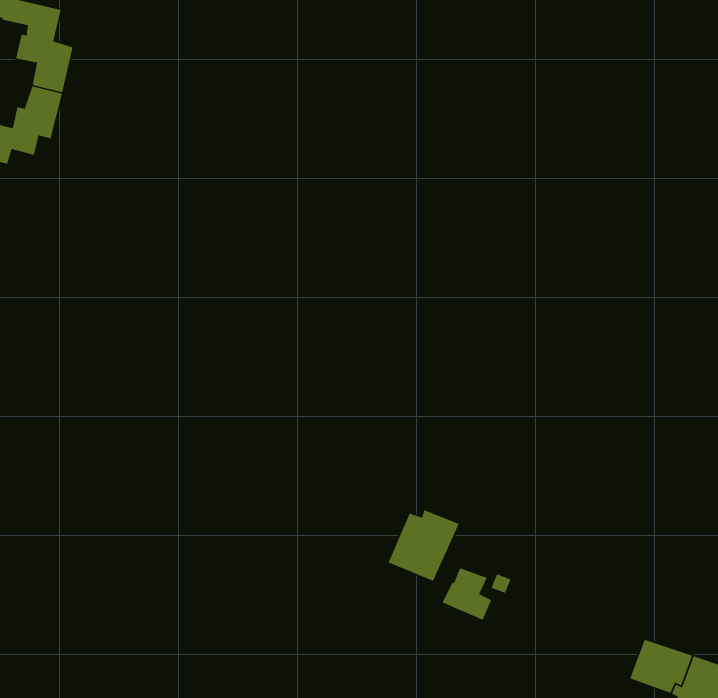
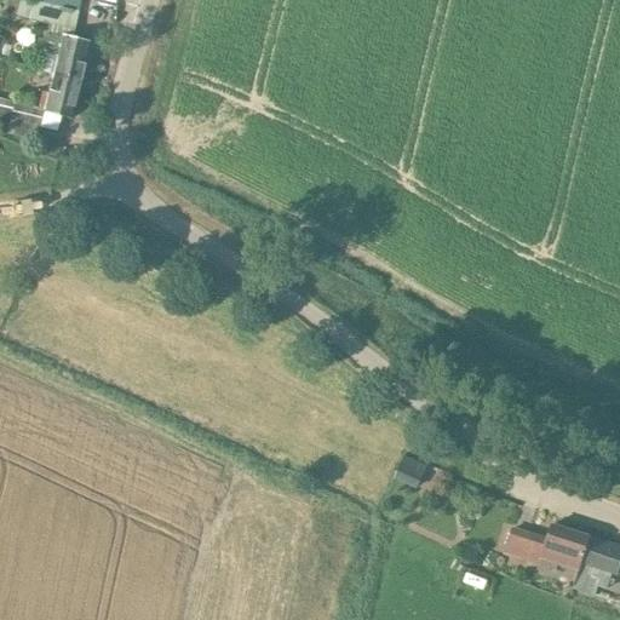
building: [388,509,460,582] -> none
building: none -> [505,526,542,559]

